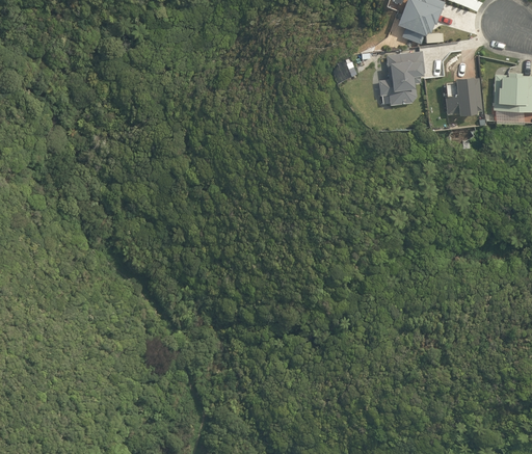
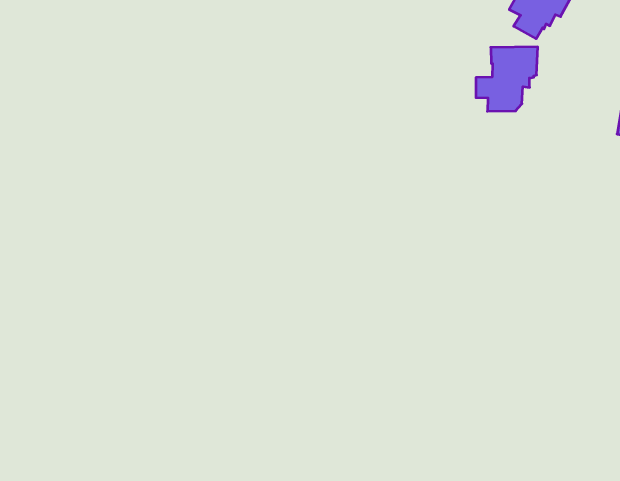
building: [445,75,482,113] -> none

